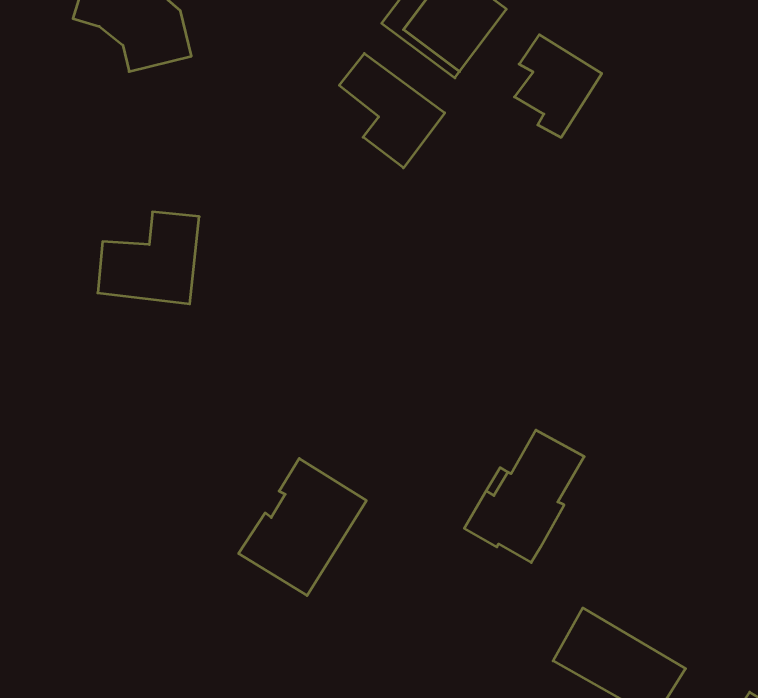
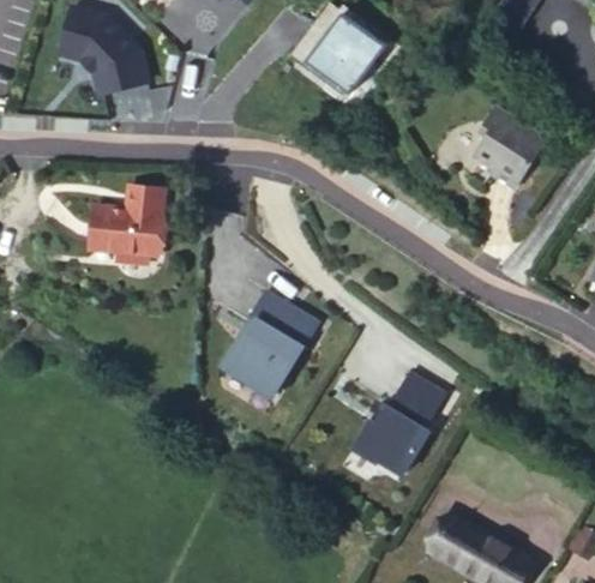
building: [514,35,602,137] -> [467,115,534,194]
building: [339,53,445,168] -> none
building: [239,458,366,596] -> [222,290,320,396]

